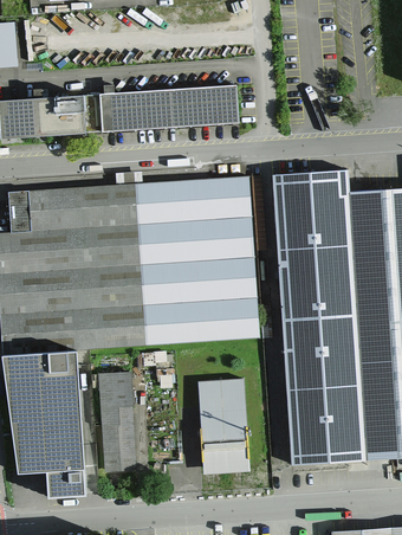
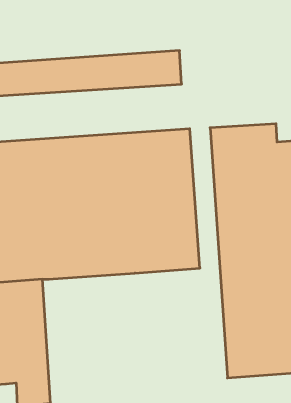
building: [96,366,136,473] -> none
building: [199,380,251,475] -> none

